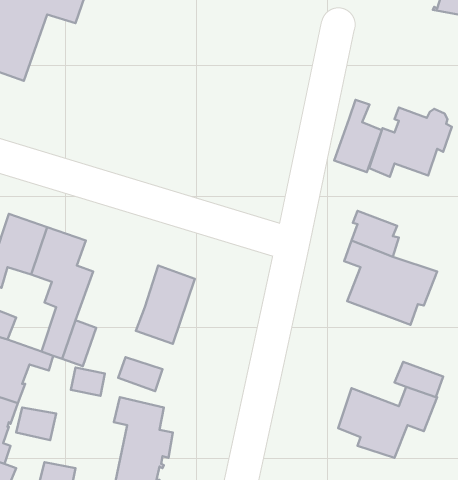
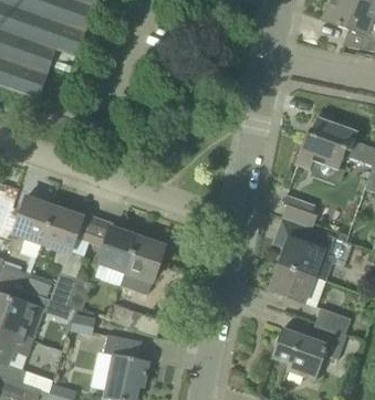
building: [334,100,382,172] -> none
building: none -> [98,227,136,266]
building: none -> [268,262,313,303]

